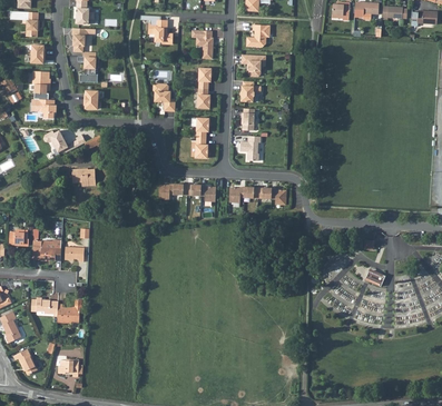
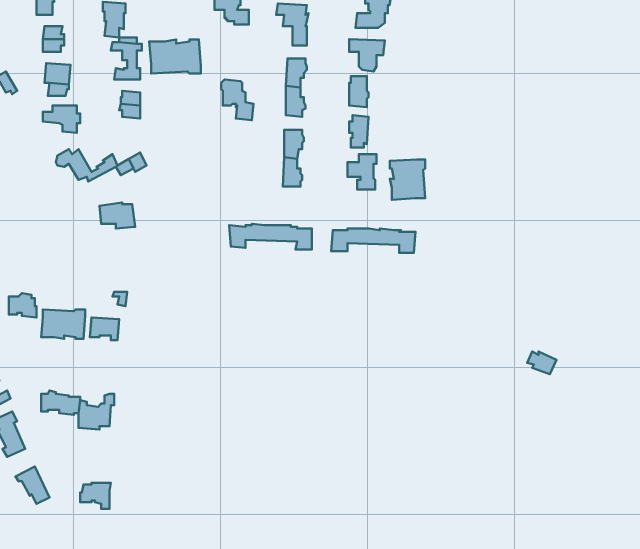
building: none -> [149,40,201,73]
building: none -> [390,159,425,200]

